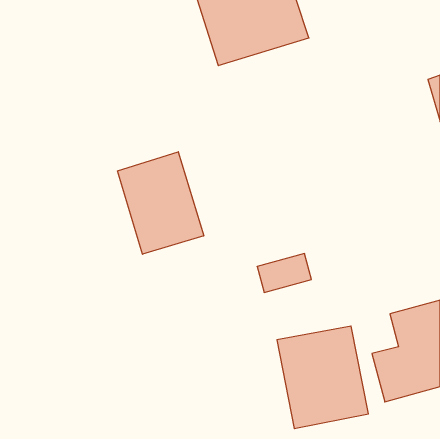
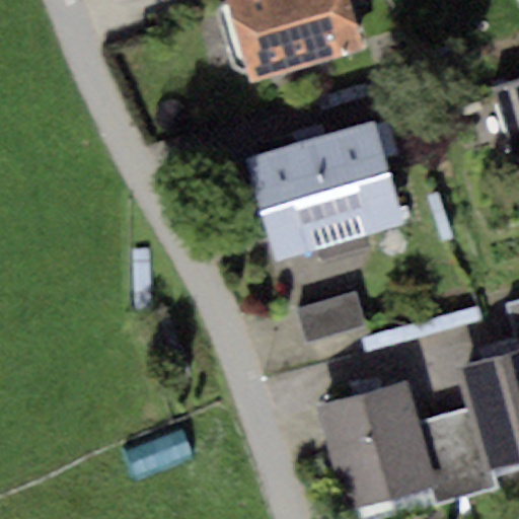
building: none -> [249,122,403,260]
building: [117,152,204,254] -> none

